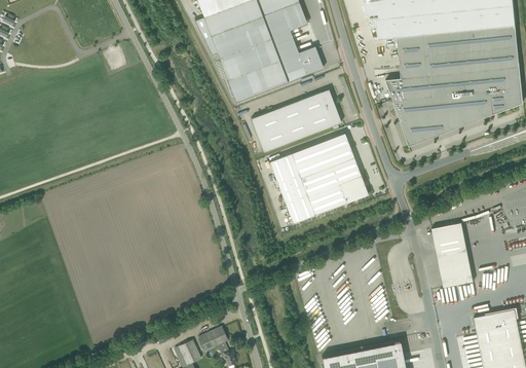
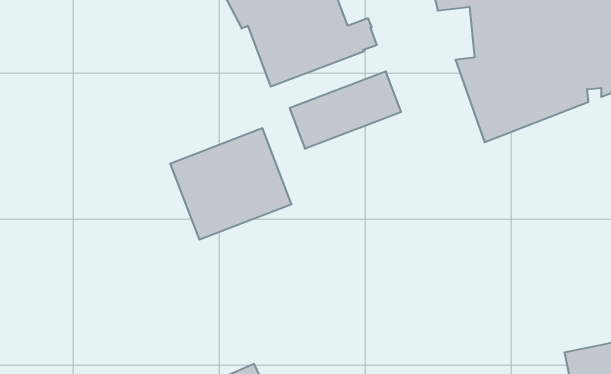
building: [270,132,369,222] -> [170,128,292,240]
building: [433,222,475,287] -> none

